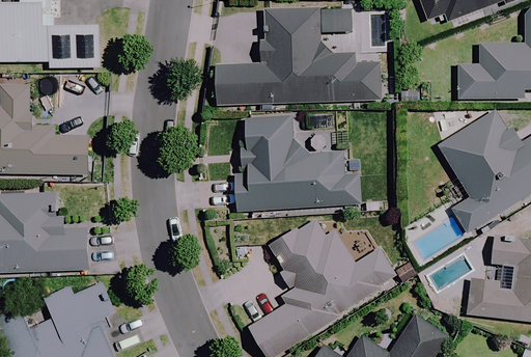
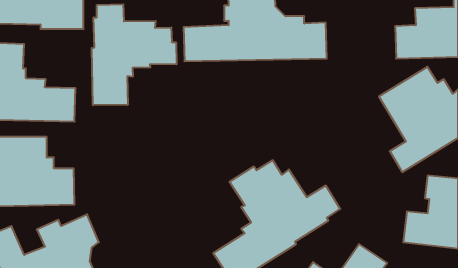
building: none -> [92,4,177,105]
building: [232,115,358,214] -> none

